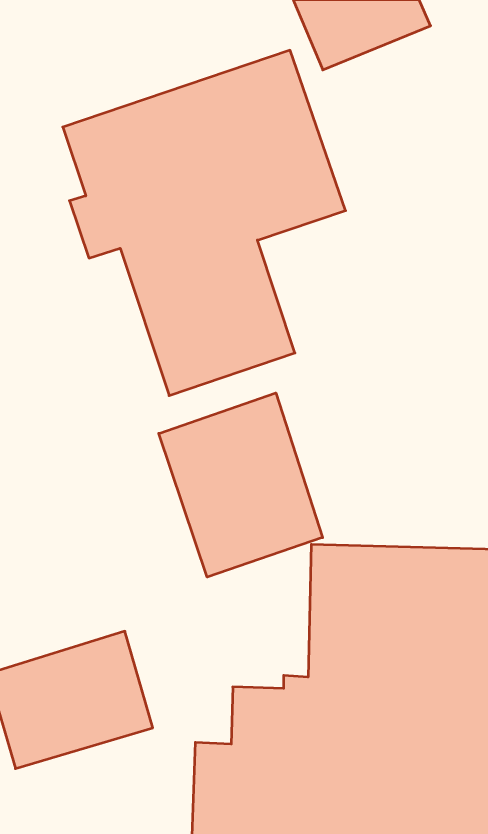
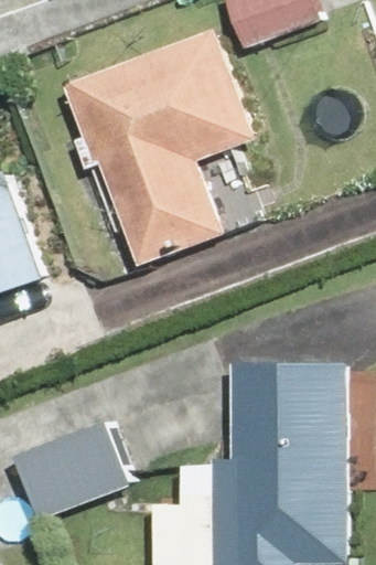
building: [159,393,323,577] -> none

